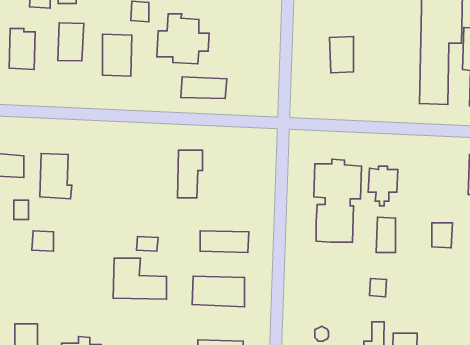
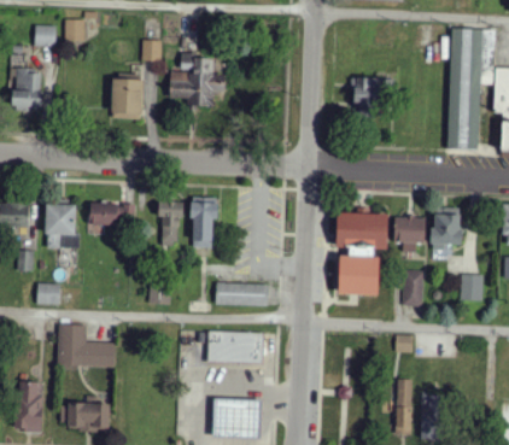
building: [58,23,84,61] -> none
building: [181,77,227,98] -> none
building: none -> [158,200,181,246]
building: none -> [92,203,135,226]
building: none -> [431,207,462,260]
building: [113,258,166,299] -> [58,324,115,368]

